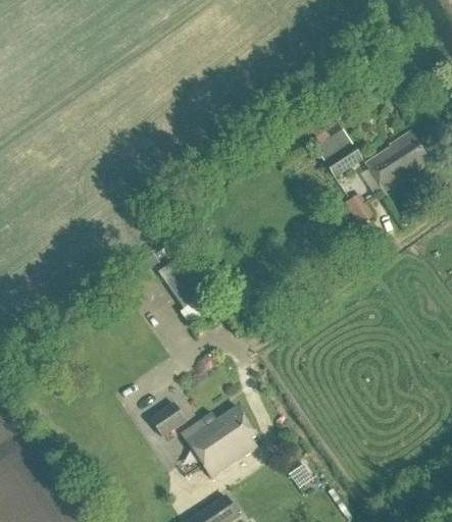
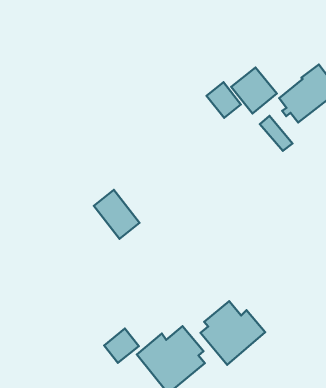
building: none -> [207,82,241,118]
building: none -> [200,301,265,365]

